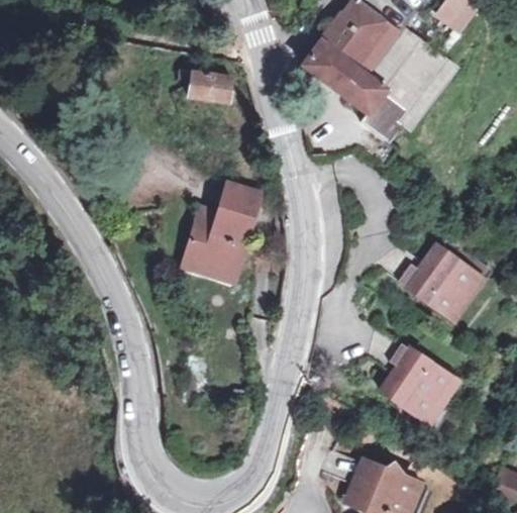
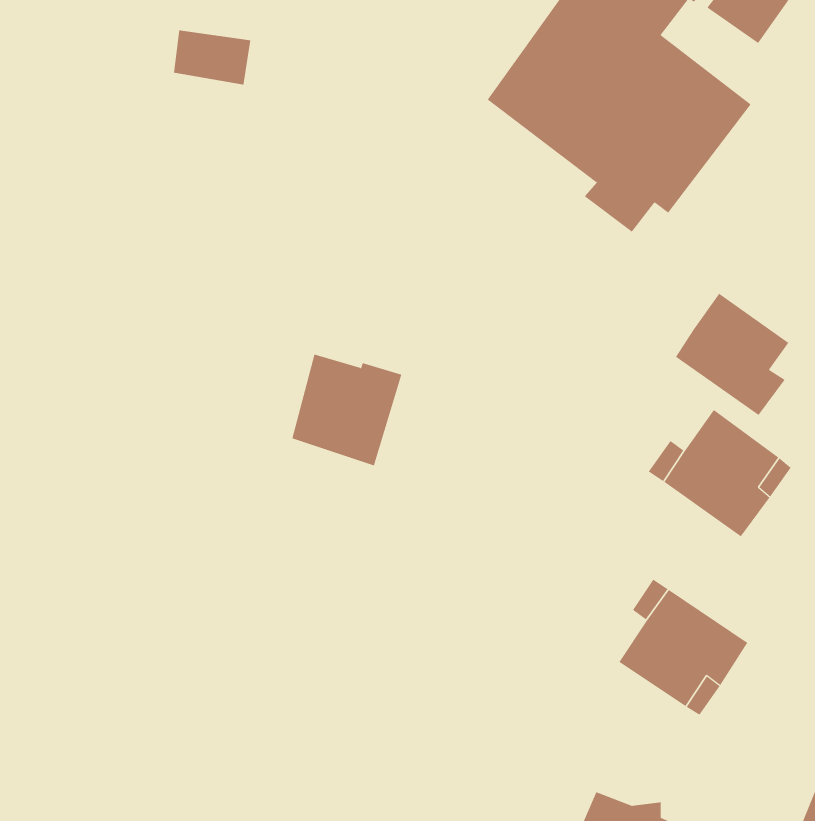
building: [184,68,229,100] -> [173,30,251,85]
building: none -> [675,293,789,416]
building: [229,184,263,224] -> none

